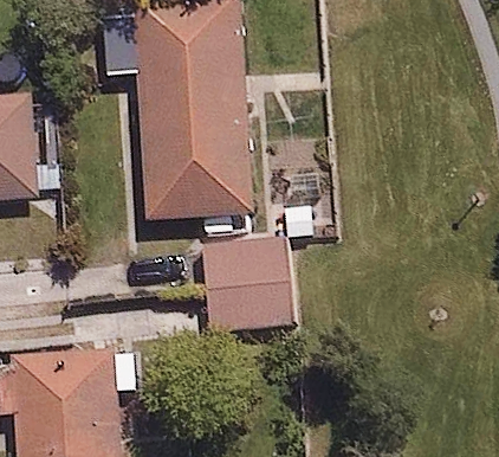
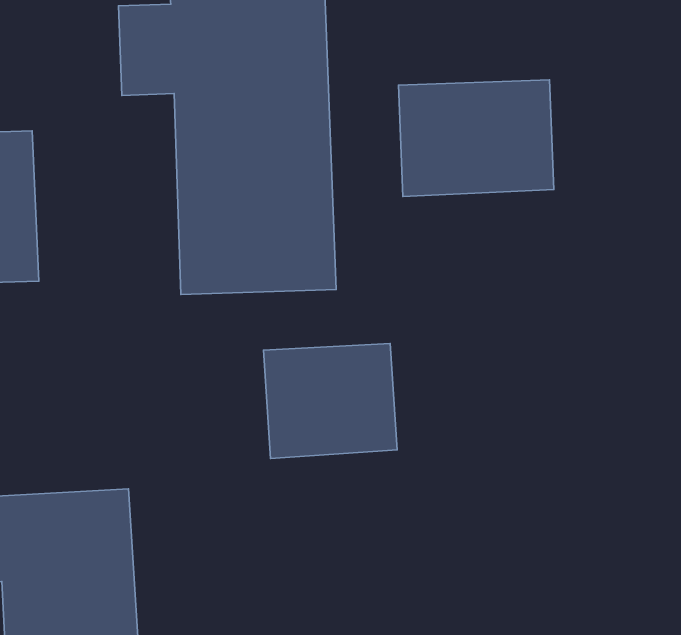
building: none -> [398,80,554,196]

